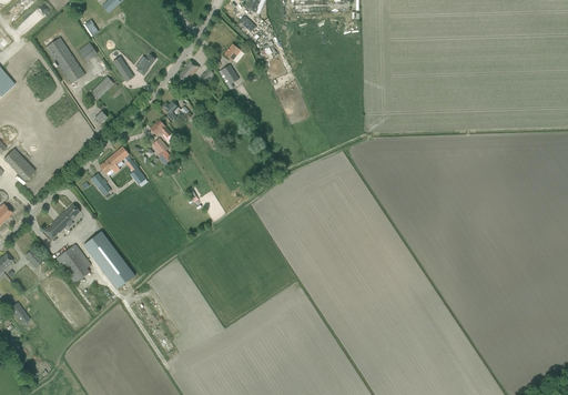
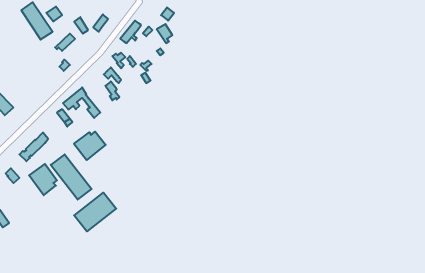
building: none -> [74,132,106,160]
building: none -> [74,193,116,231]

